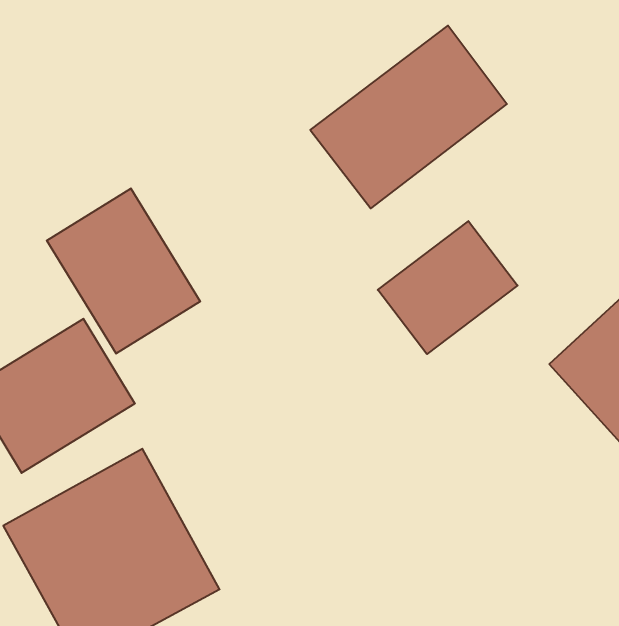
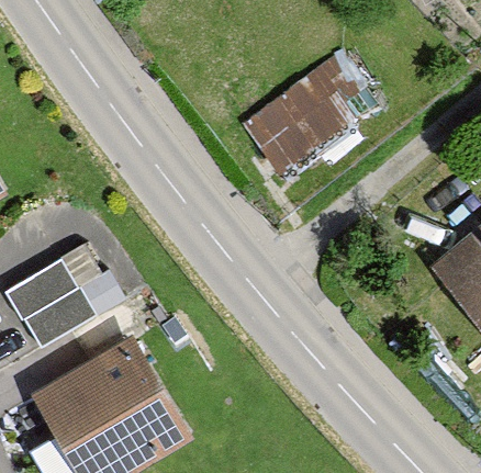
building: [47,188,200,354] -> none
building: [378,221,518,354] -> none

